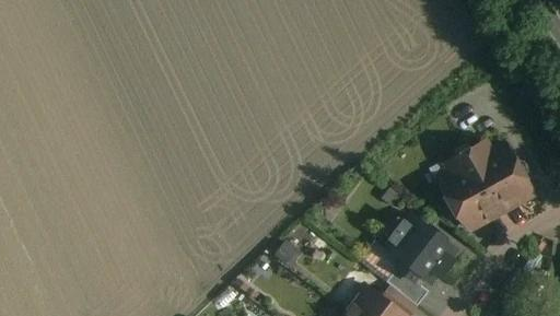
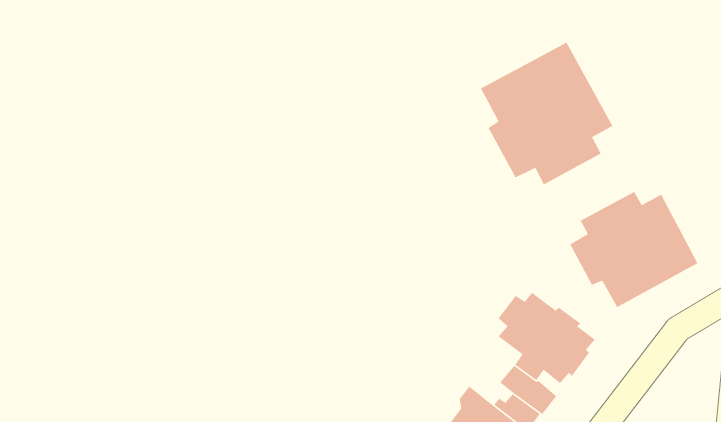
building: none -> [480,41,614,185]

